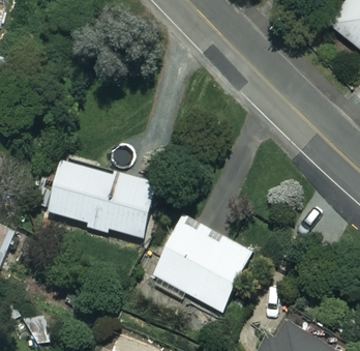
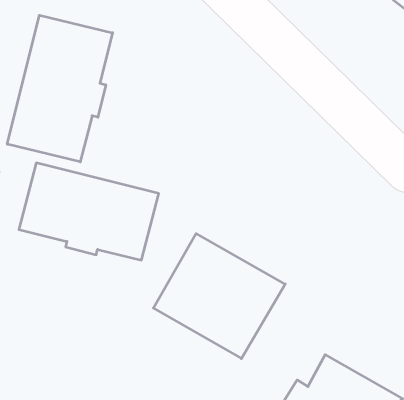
building: none -> [7,15,113,162]

